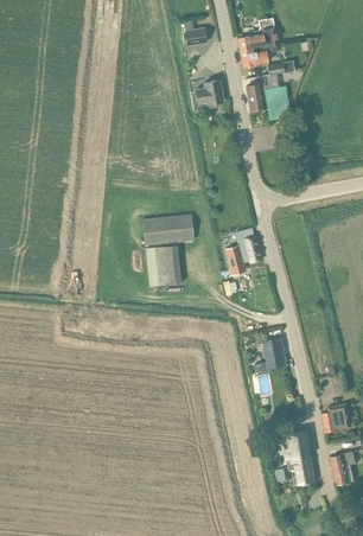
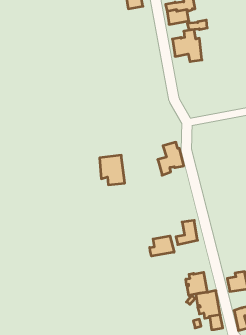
building: [195,81,223,106] -> none
building: [141,215,193,245] -> none
building: none -> [150,236,174,256]
building: none -> [186,272,207,296]

